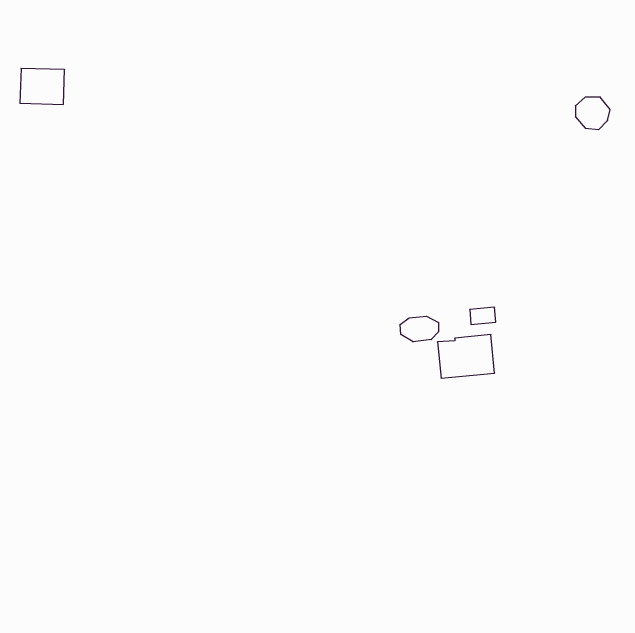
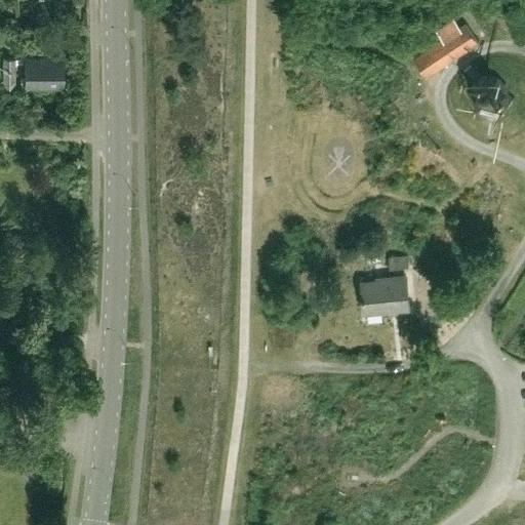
building: none -> [413,25,477,77]
building: [400,316,438,342] -> none

